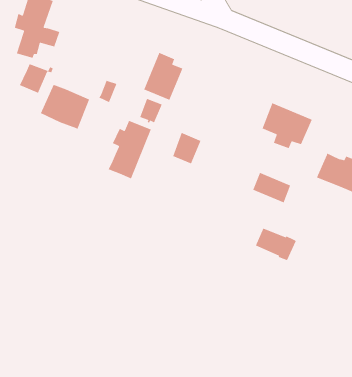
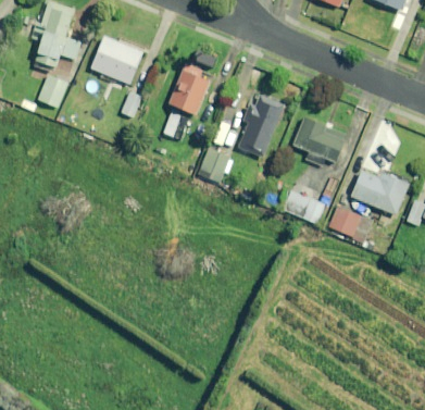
building: [40,84,90,130] -> [89,36,142,85]
building: [108,120,152,179] -> [237,95,284,158]
building: [255,227,297,261] -> [327,207,372,243]

